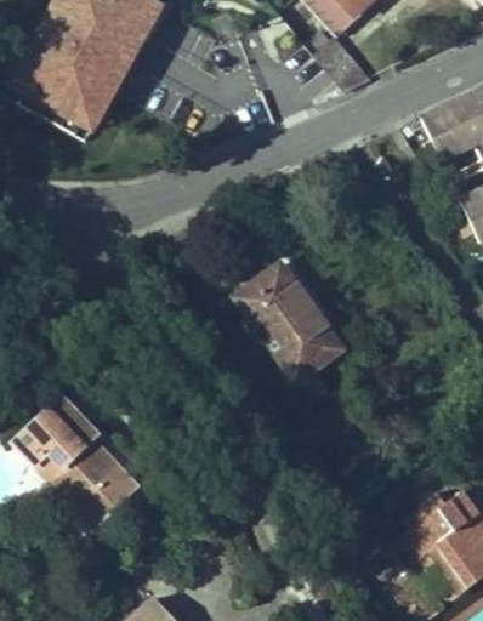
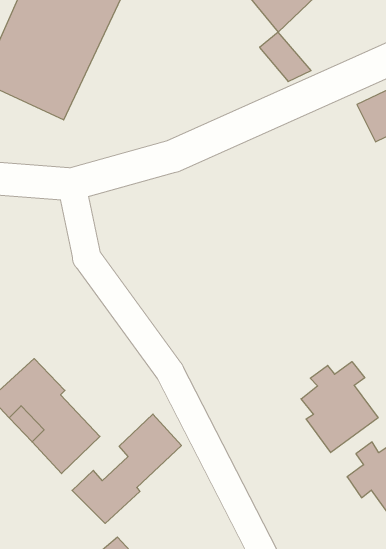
building: [238,262,345,378] -> none
building: none -> [301,362,378,453]
building: none -> [72,414,181,523]

